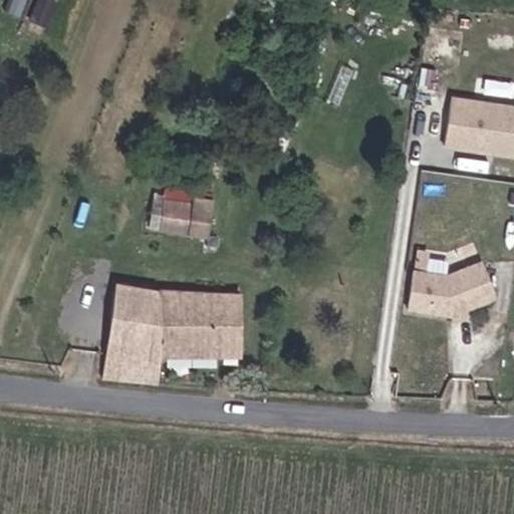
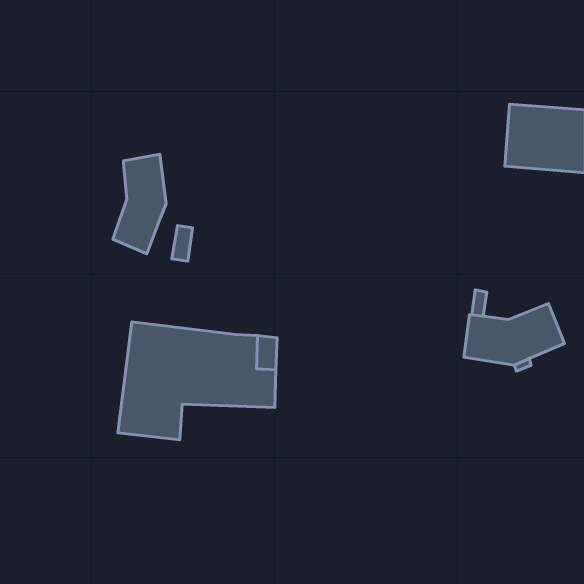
building: none -> [113,154,166,254]
building: [166,200,200,233] -> none

